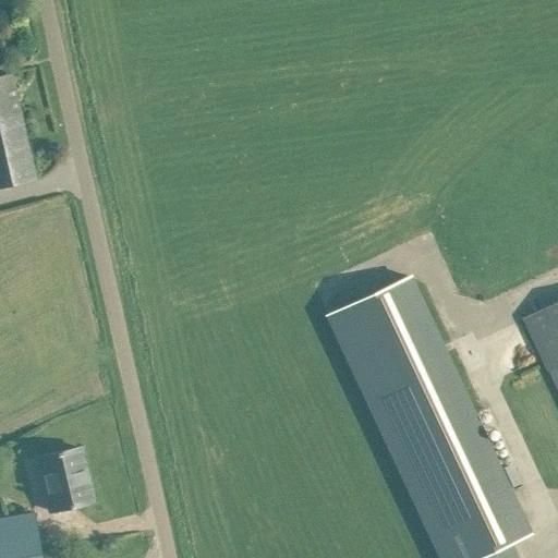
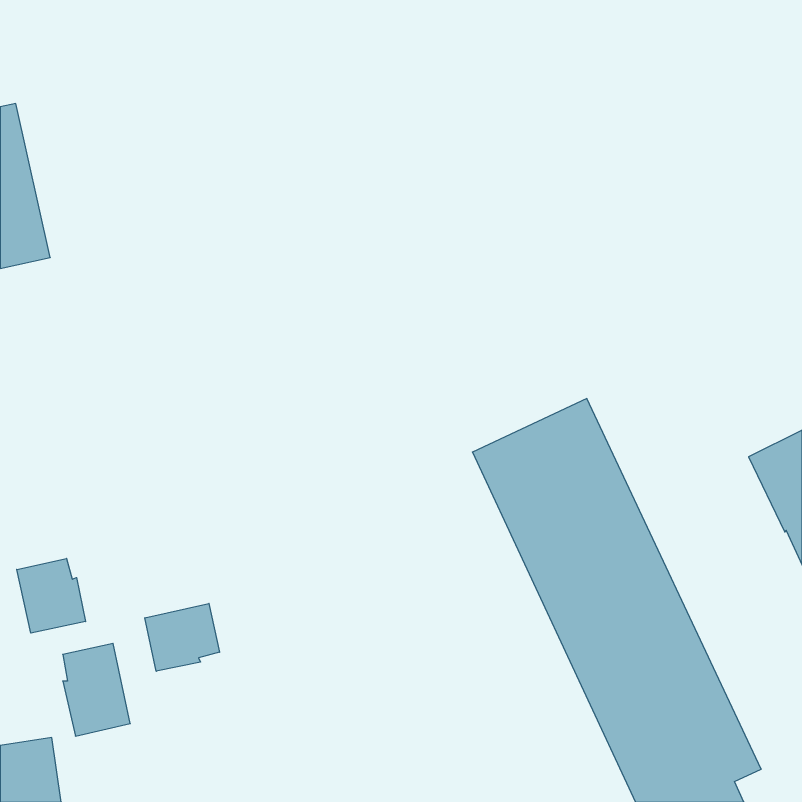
building: none -> [17,558,86,633]
building: none -> [145,603,220,671]

